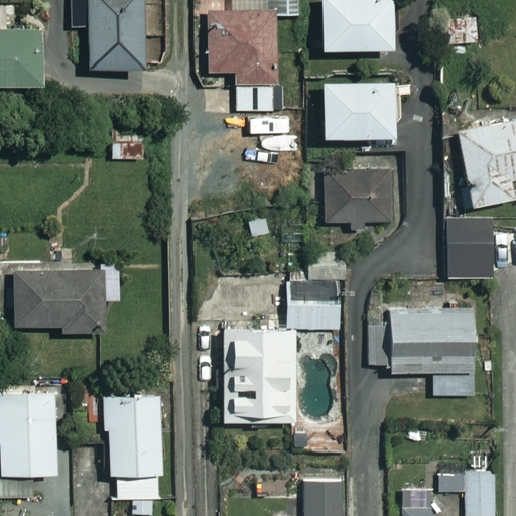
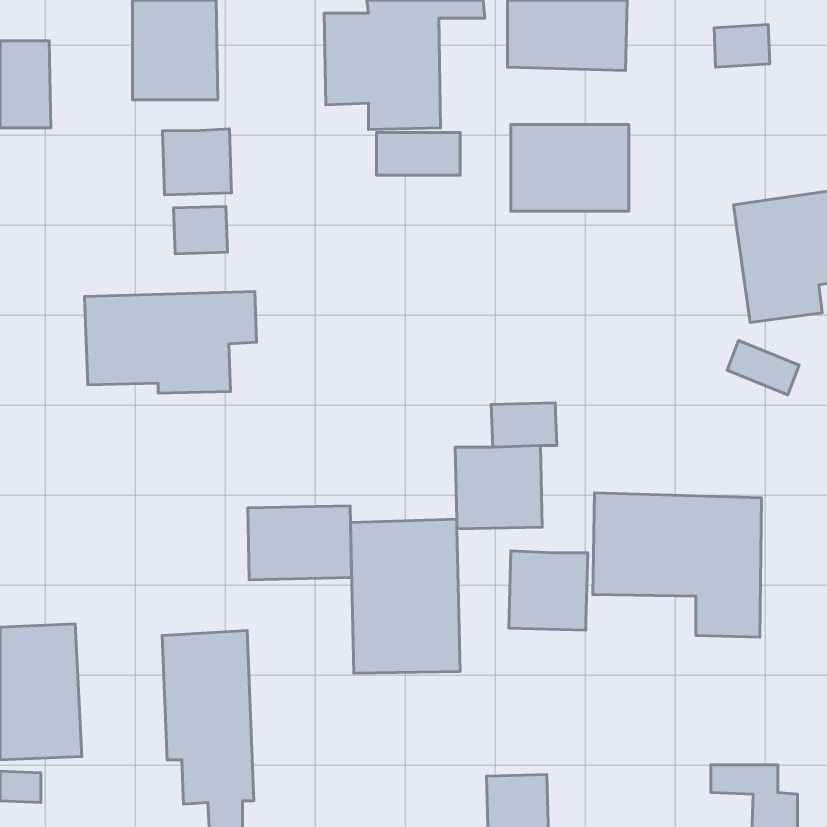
building: none -> [163,129,232,195]
building: [326,173,391,231] -> none
building: [448,252,497,282] -> none
building: [13,268,119,331] -> [85,292,257,393]
building: none -> [248,506,352,580]
building: none -> [509,551,588,630]

